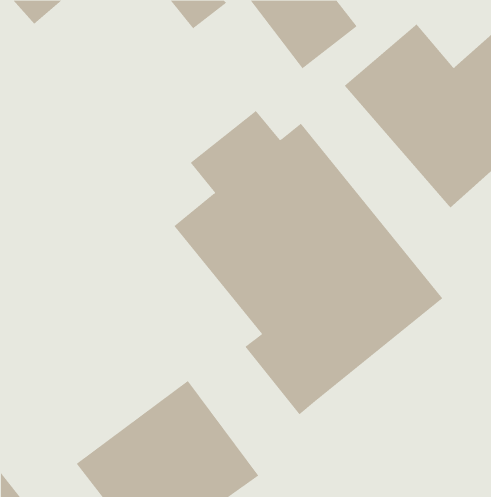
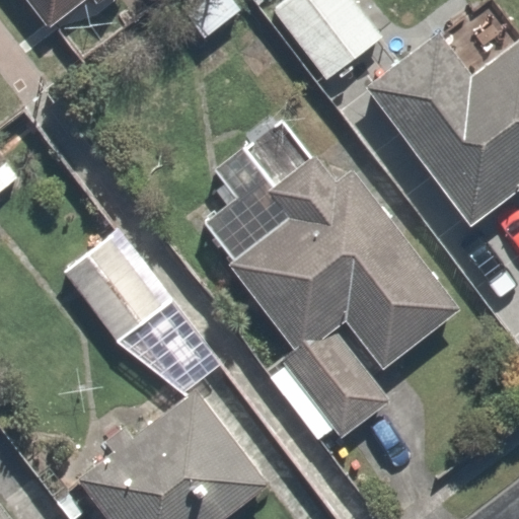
building: none -> [65,237,220,409]

